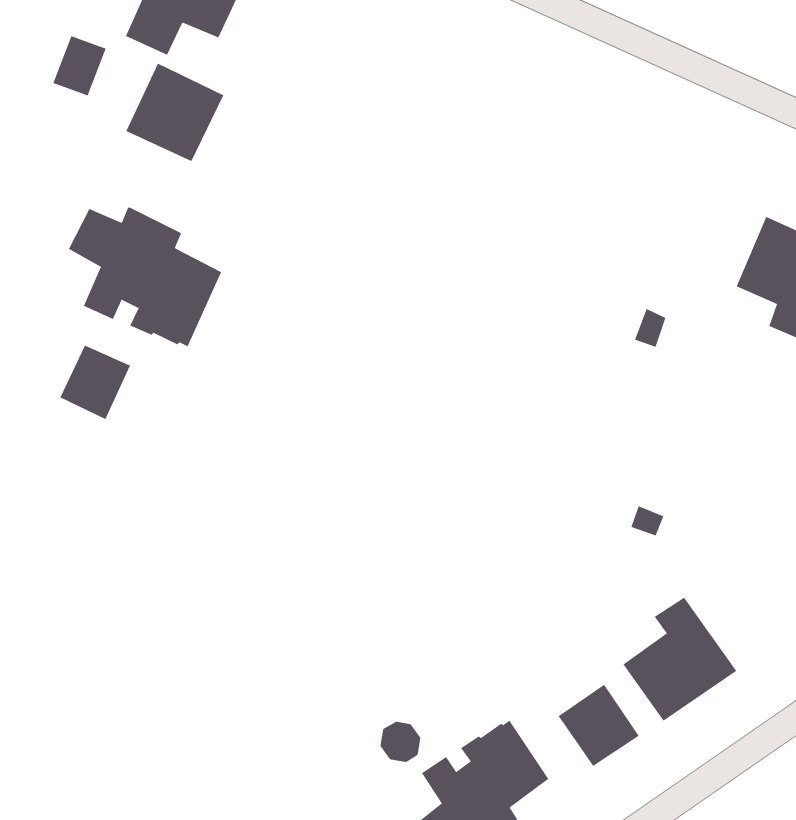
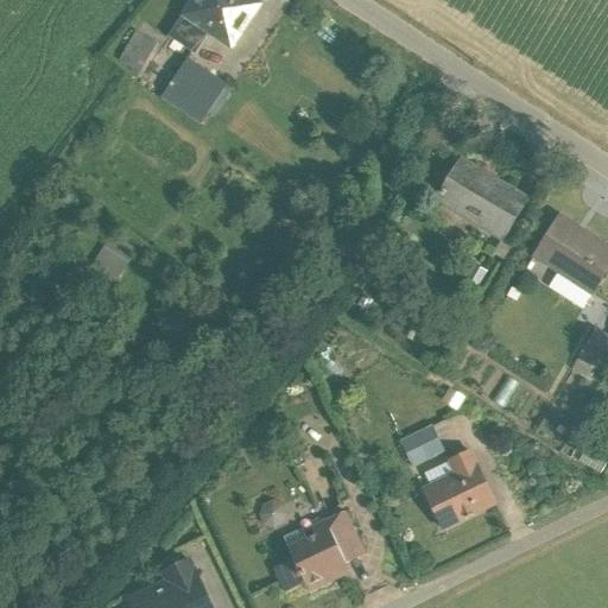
building: none -> [436,158,527,258]
building: [68,207,222,347] -> none
building: none -> [400,424,445,464]
building: [558,684,639,767] -> none

